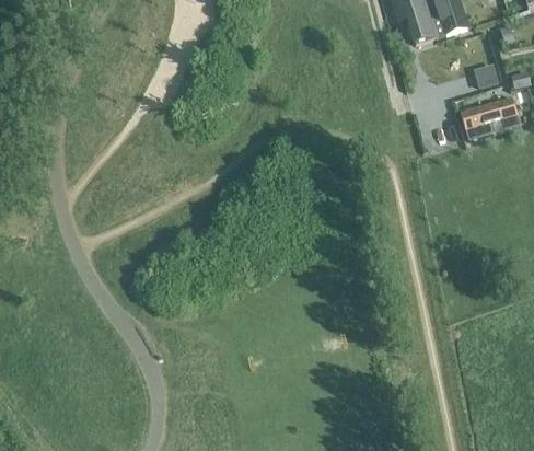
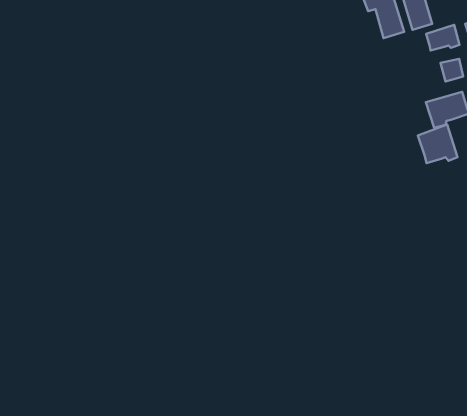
building: none -> [426,25,460,51]
building: none -> [418,125,458,163]

